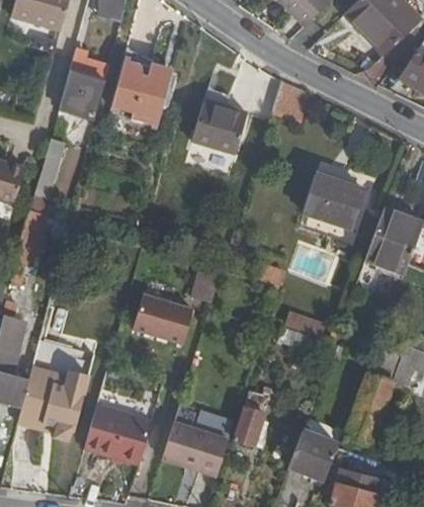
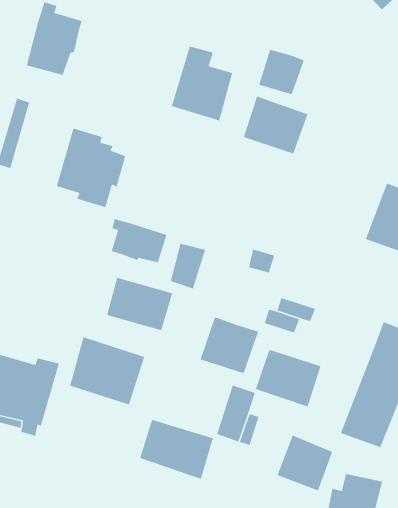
building: [114,57,177,129] -> [56,128,126,208]
building: [306,175,364,228] -> [243,96,309,155]
building: none -> [111,218,167,263]
building: none -> [199,317,259,374]
building: none -> [255,349,322,407]
building: [85,403,153,464] -> [69,336,145,405]

